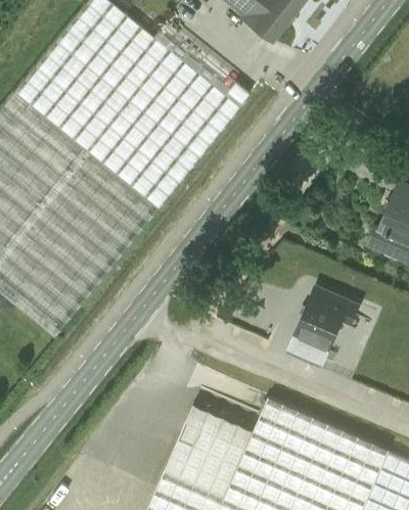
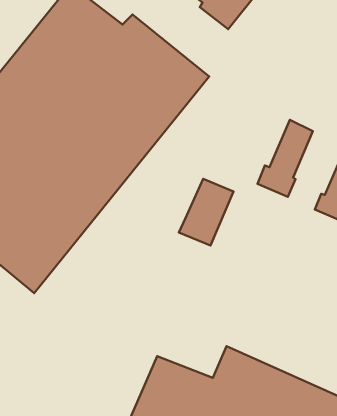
building: none -> [258,120,313,197]
building: [289,286,351,361] -> [179,179,233,245]

